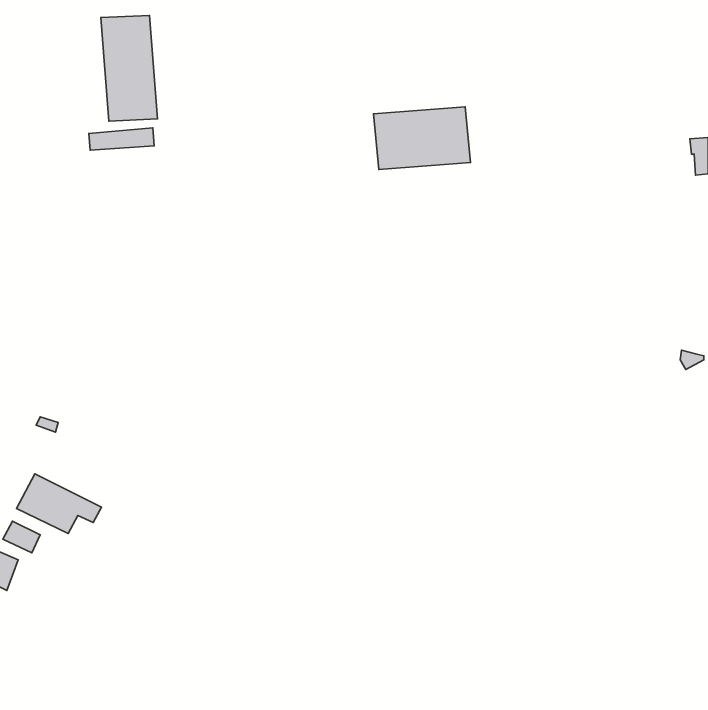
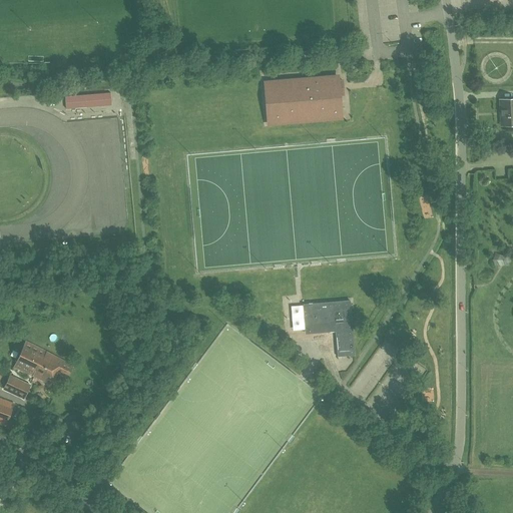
building: [101,15,157,121] -> none
building: none -> [303,301,354,357]

